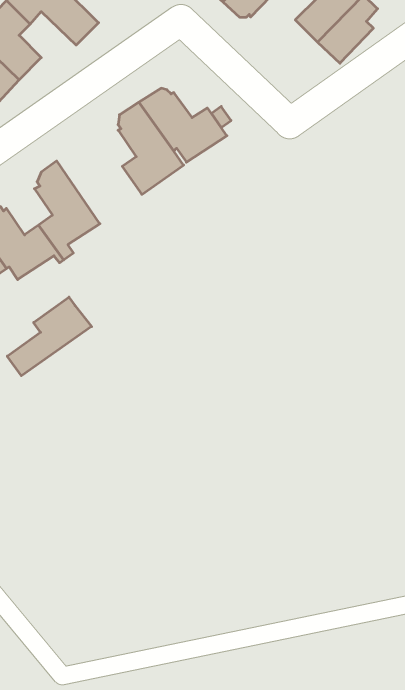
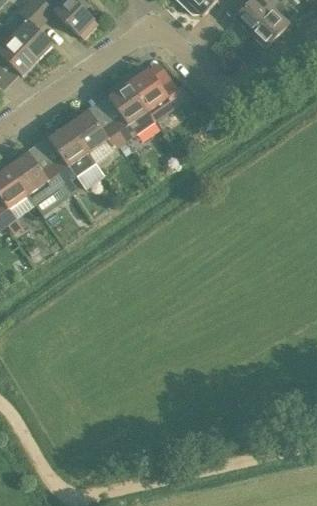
building: none -> [65,108,126,163]
building: [7,297,92,376] -> none

